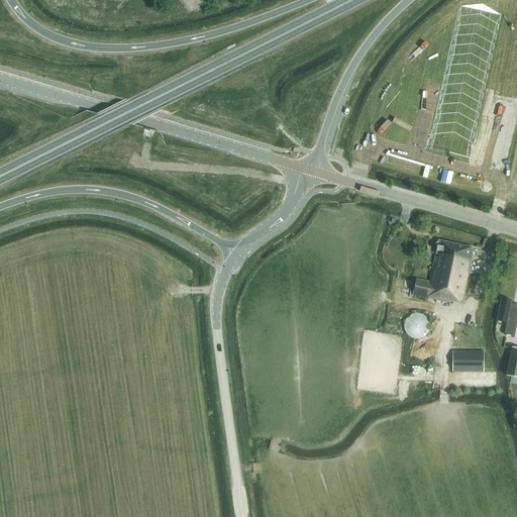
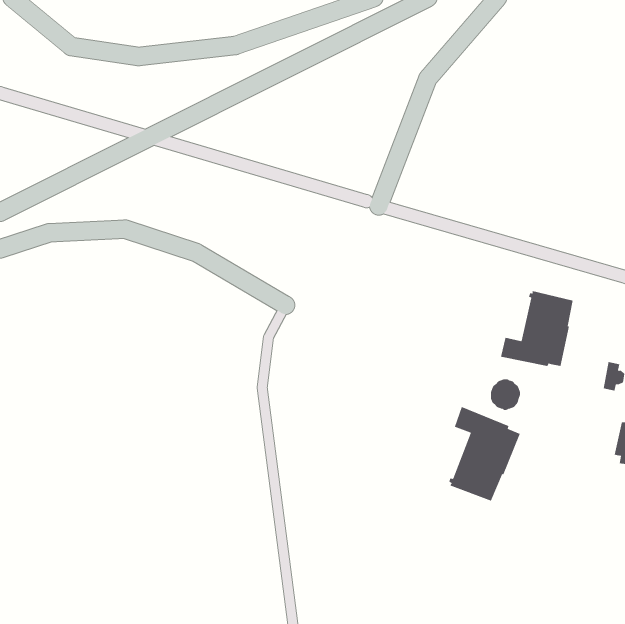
building: none -> [449,406,520,501]
building: [453,350,485,371] -> none

